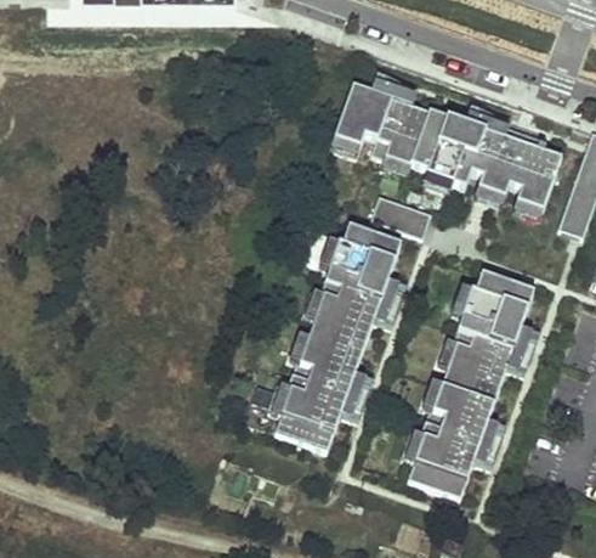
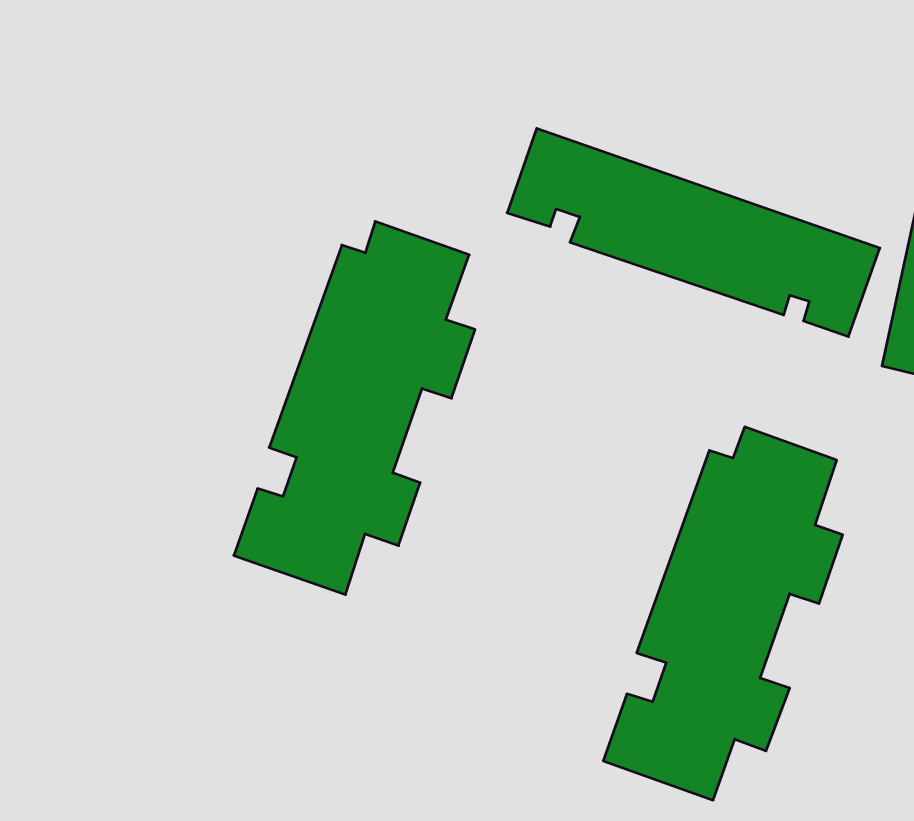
building: [373,191,433,237] -> none
building: [261,222,410,453] -> [234,221,475,595]

